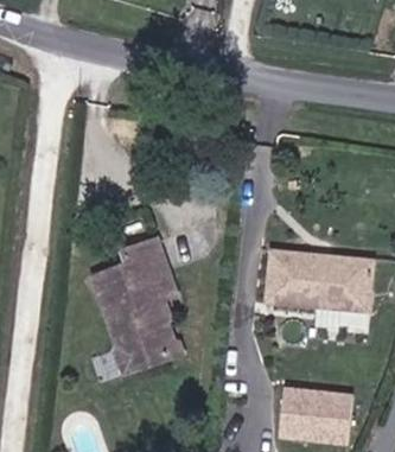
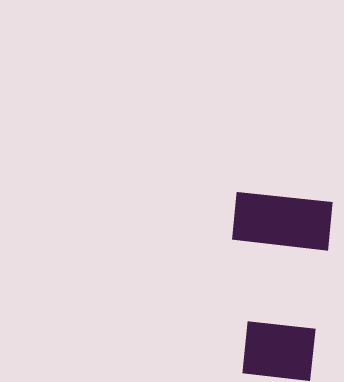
building: [94,241,171,359] -> none

